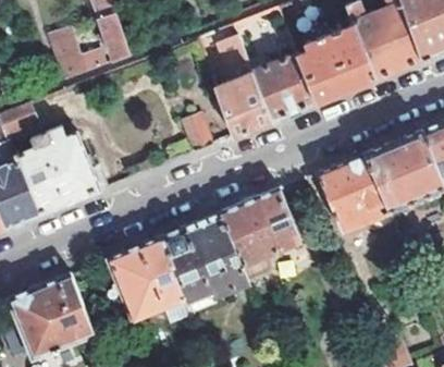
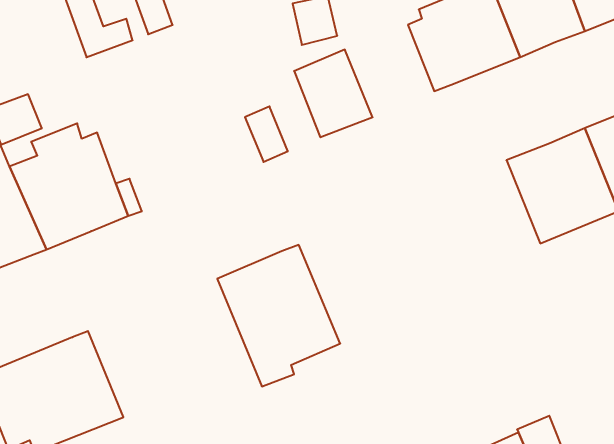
building: [252,56,316,121] -> none
building: [319,151,391,229] -> none
building: [220,187,300,281] -> none
building: [108,235,195,323] -> none

